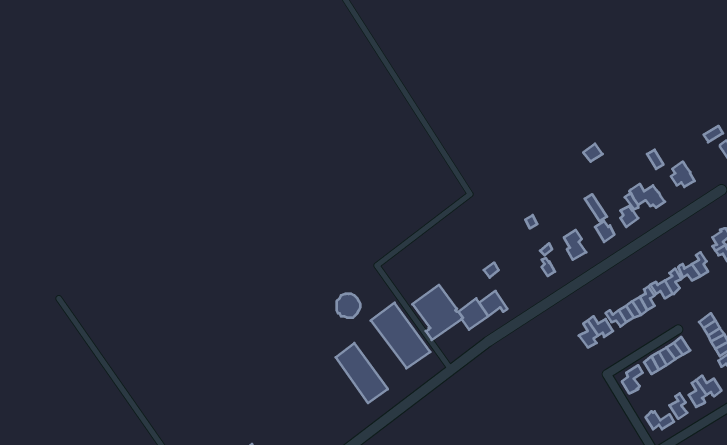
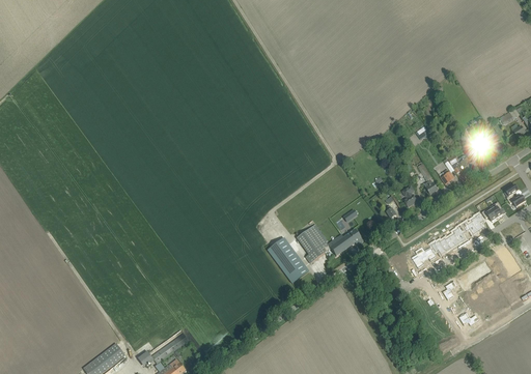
building: [336,343,388,403] -> none

